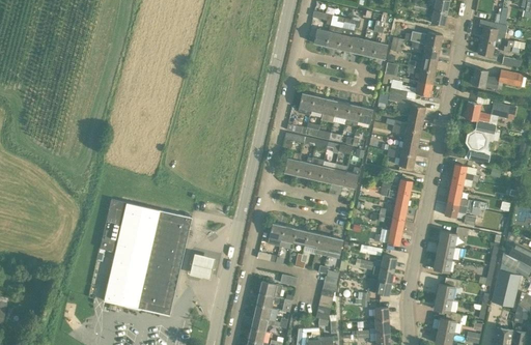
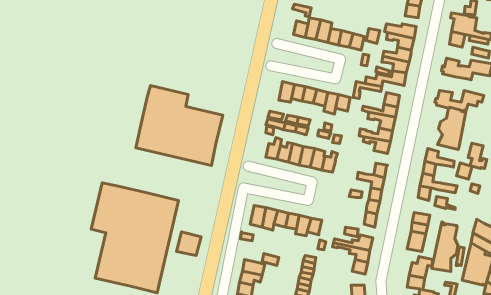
building: none -> [136,85,223,166]
building: none -> [456,143,487,179]
building: none -> [432,222,458,272]

